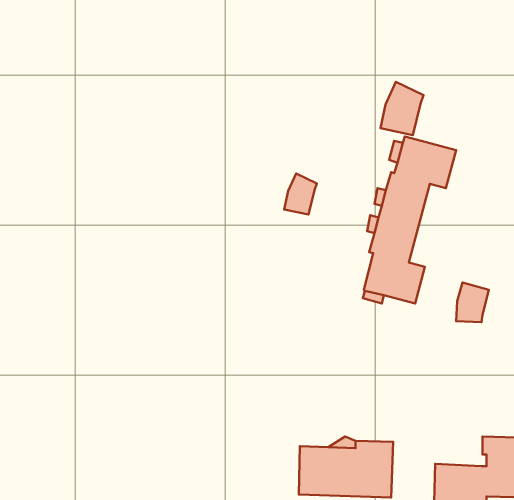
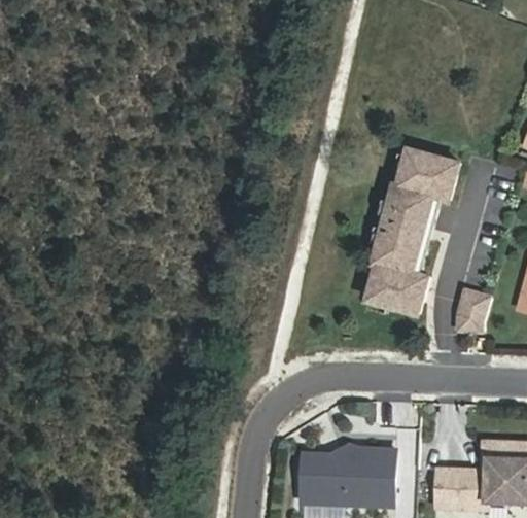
building: [380,82,424,135] -> none
building: [284,173,317,215] -> none

